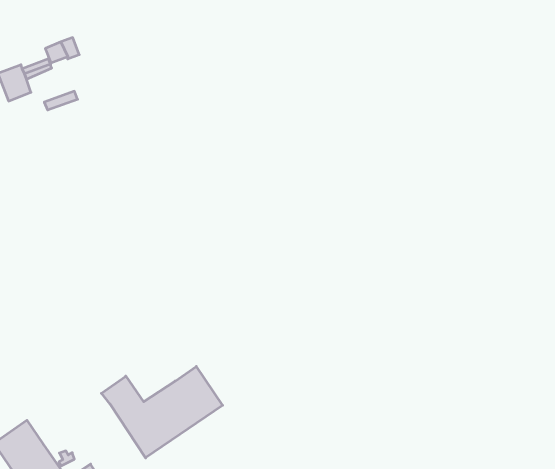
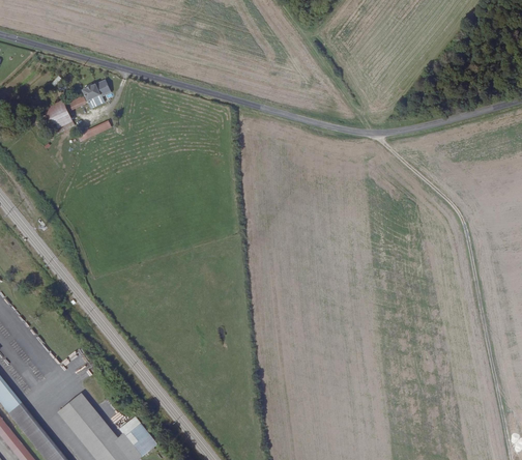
building: [101,366,223,458] -> none

